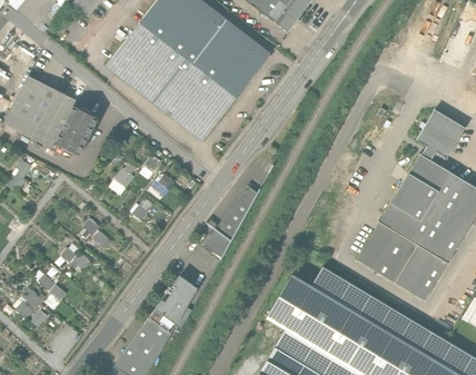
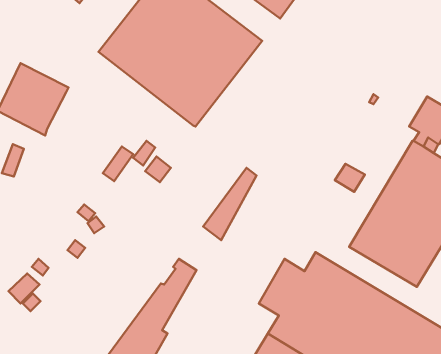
building: [54,106,98,155] -> none
building: none -> [335,164,365,192]

